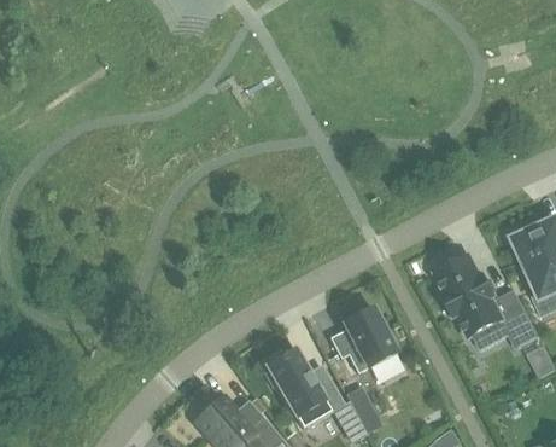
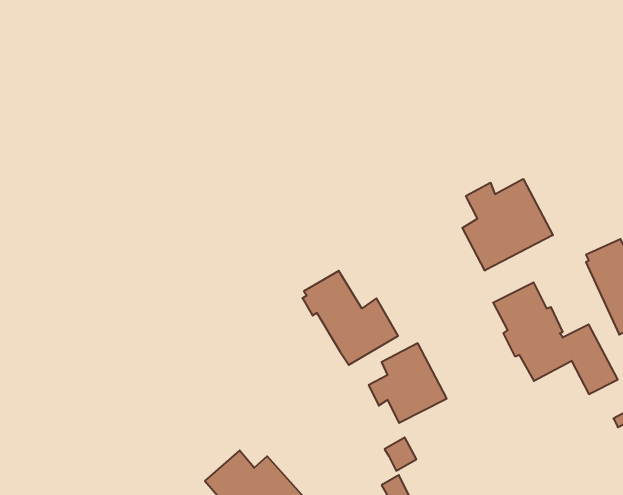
building: none -> [462,179,553,271]
building: [264,349,344,428] -> [302,271,398,365]

